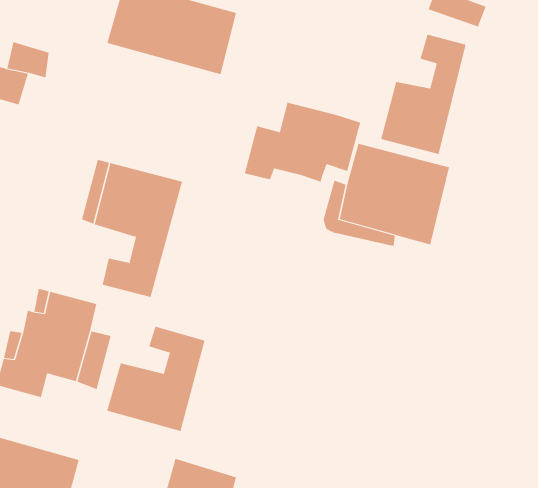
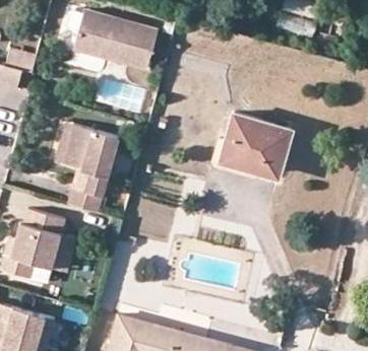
building: [381,34,466,155] -> none
building: [244,102,361,182] -> none
building: [107,326,205,432] -> none

